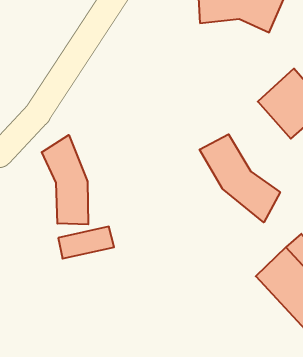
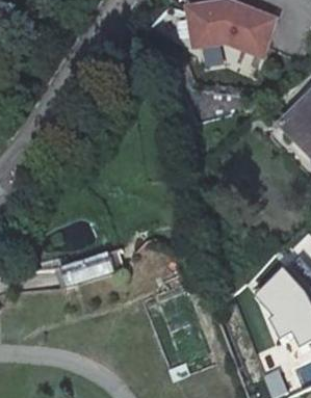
building: [200,134,280,222] -> none
building: [42,135,88,224] -> none

